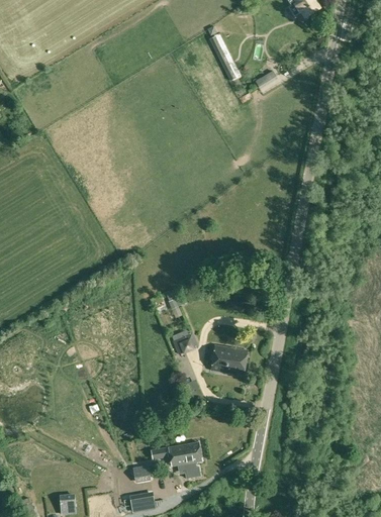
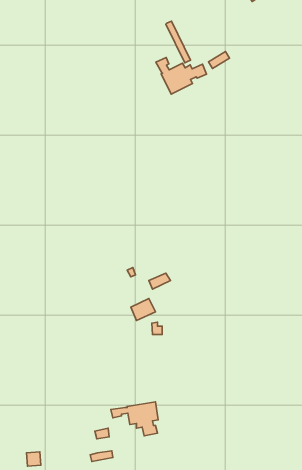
building: none -> [156,58,206,94]
building: [212,345,248,375] -> none

